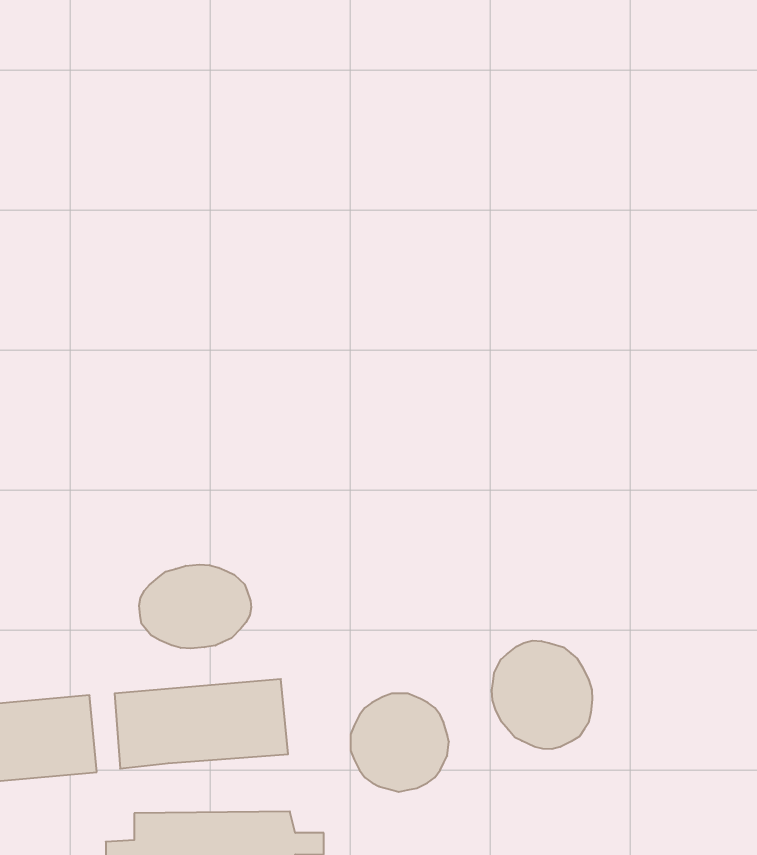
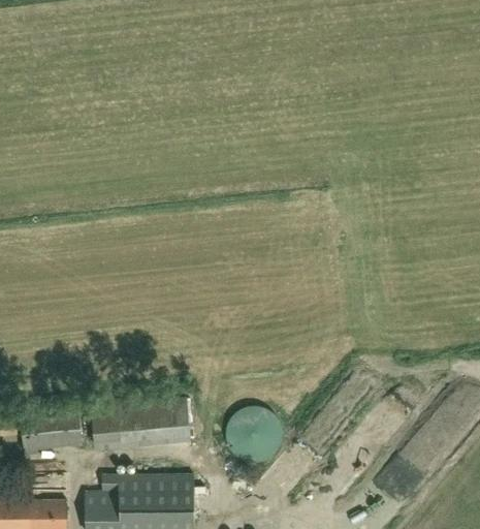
building: [139,565,251,648] -> none
building: [492,641,592,749] -> none

